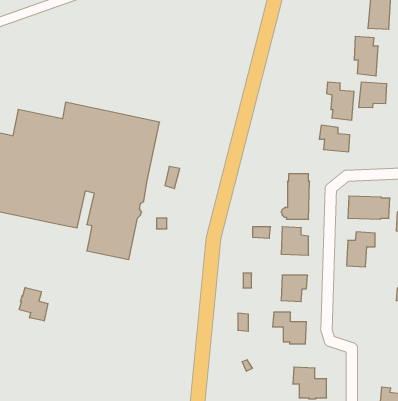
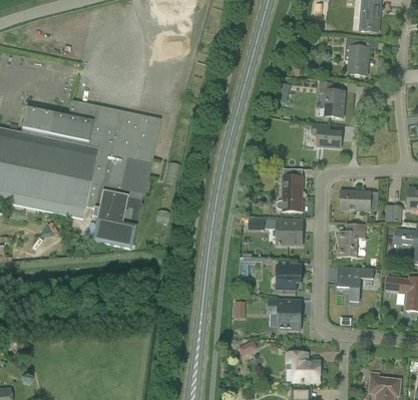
building: [359,82,386,108] -> none
building: none -> [337,266,373,301]
building: [19,287,48,321] -> none

